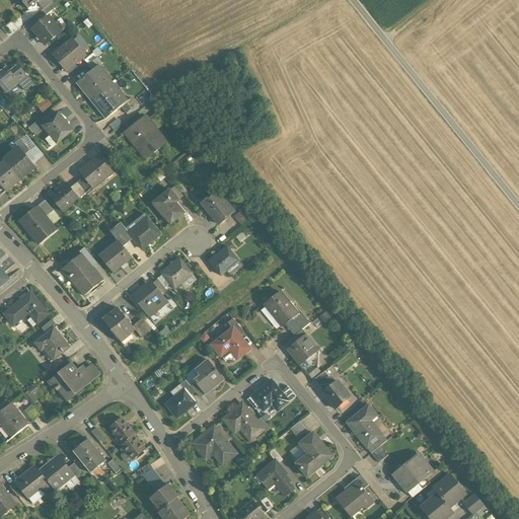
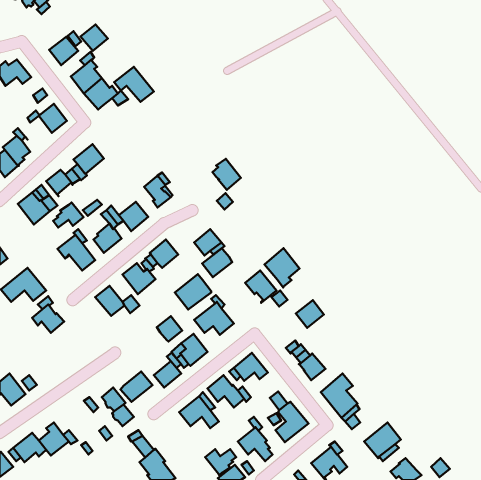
building: [31,15,61,44] -> [80,24,108,51]
building: [124,116,166,153] -> [114,67,154,102]
building: [203,191,233,224] -> [213,159,241,190]
building: none -> [53,202,83,227]
building: none -> [265,248,300,287]
building: none -> [202,248,232,277]
building: none -> [175,274,211,310]
building: [287,335,317,364] -> [296,300,324,328]
building: none -> [157,316,182,342]
building: [51,364,93,398] -> none
building: none -> [121,372,153,402]
building: [72,439,104,472] -> none
building: [432,473,462,506] -> none
building: none -> [205,449,236,475]

